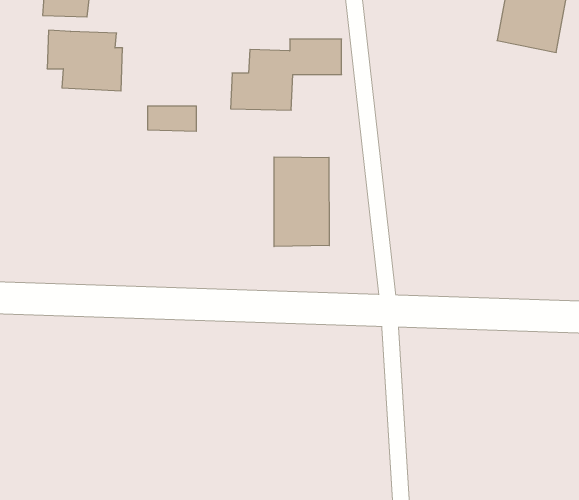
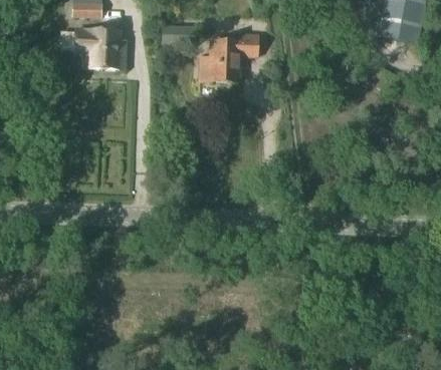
building: [148,106,196,131] -> [161,25,194,42]
building: [274,157,329,247] -> none

